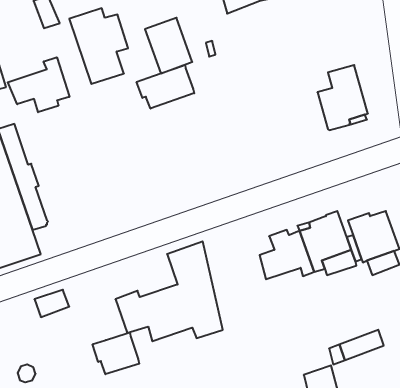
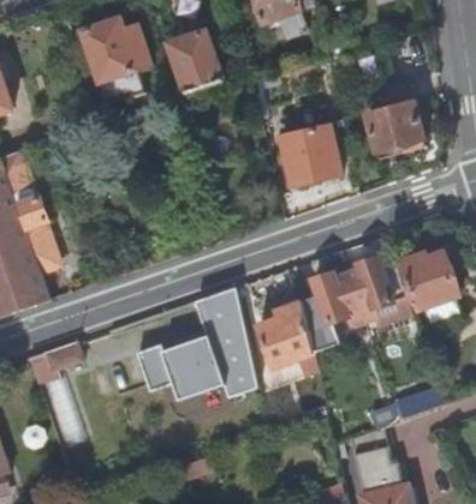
building: [8,57,69,112] -> none
building: [137,65,194,109] -> none
building: none -> [279,126,340,186]
building: none -> [257,300,311,366]
building: [93,332,139,374] -> none

